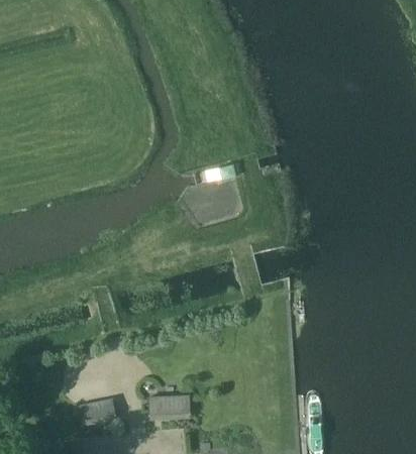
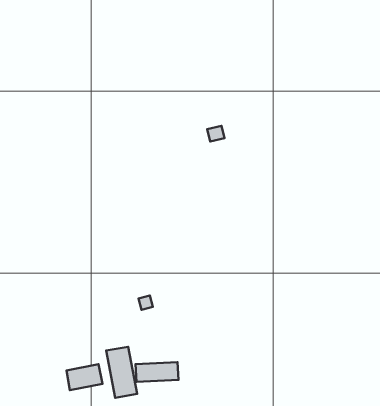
building: none -> [106,347,137,398]

